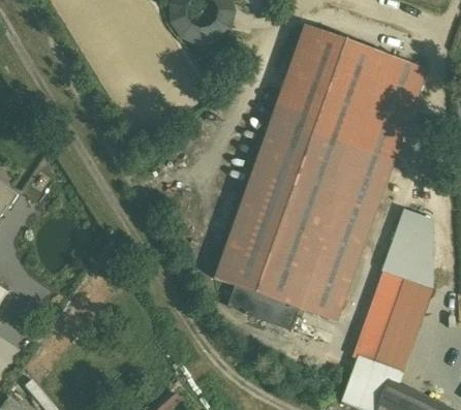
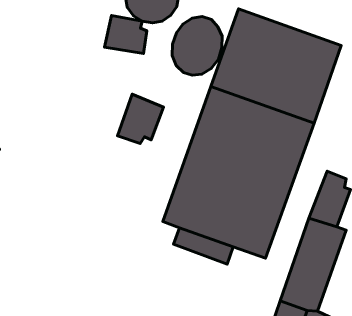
building: none -> [105,15,147,54]
building: none -> [172,16,222,75]
building: none -> [118,94,163,143]

